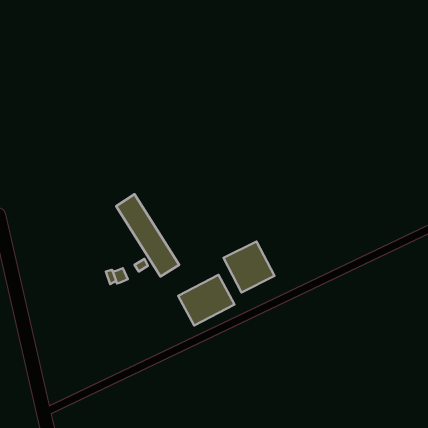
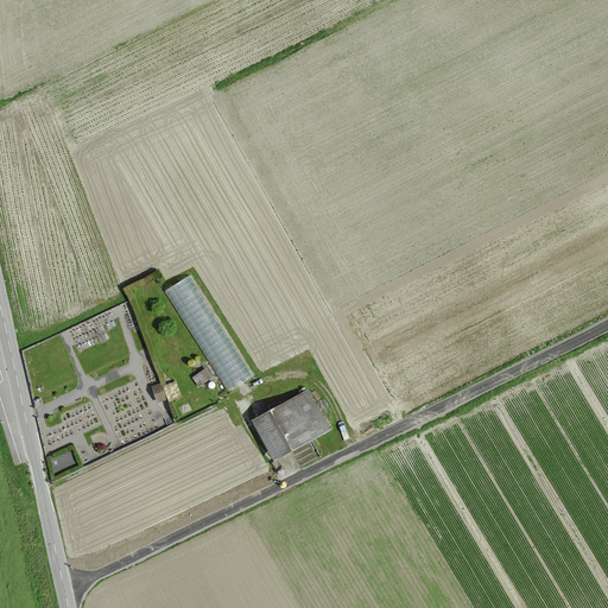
building: [224,241,274,292] -> none

